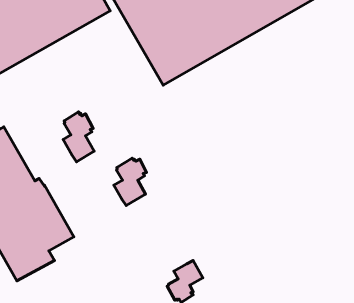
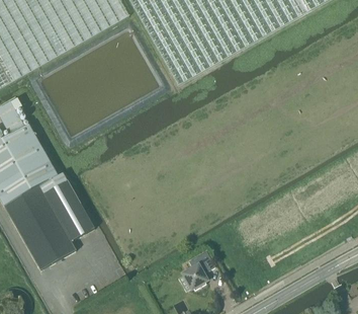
building: [63,112,94,162] -> none
building: [114,158,147,206] -> none

